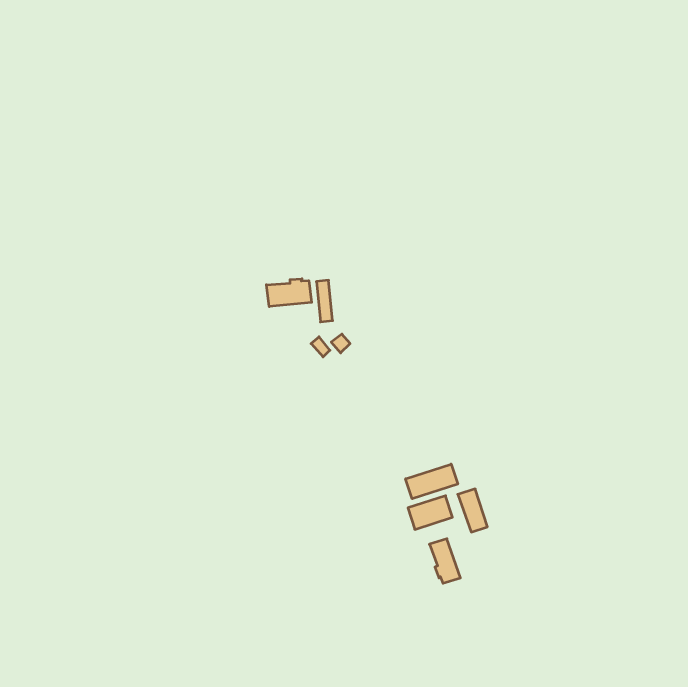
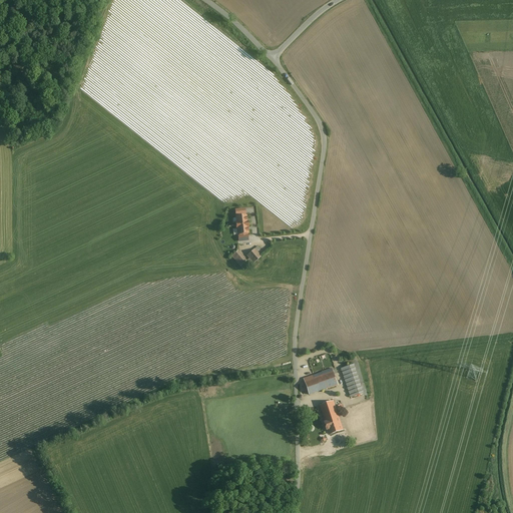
building: [266,279,312,307] -> none
building: [406,464,458,499] -> none

